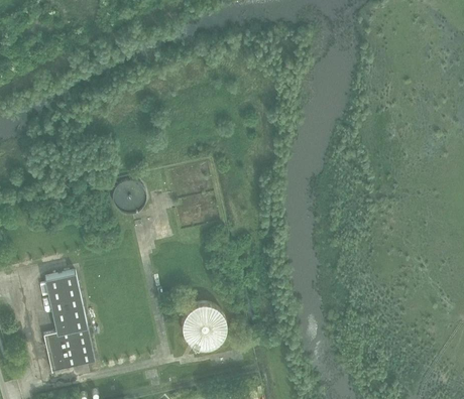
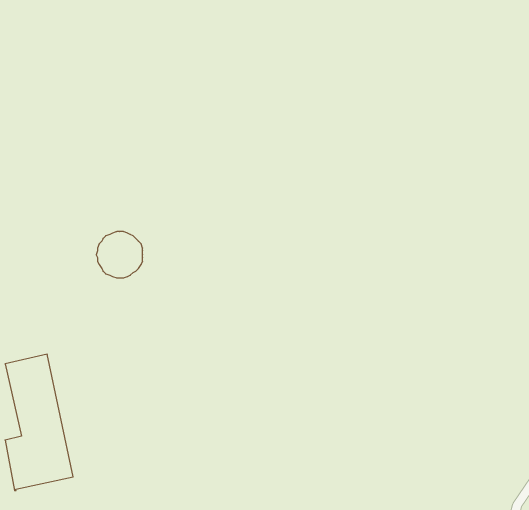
building: [182,304,227,349] -> none

